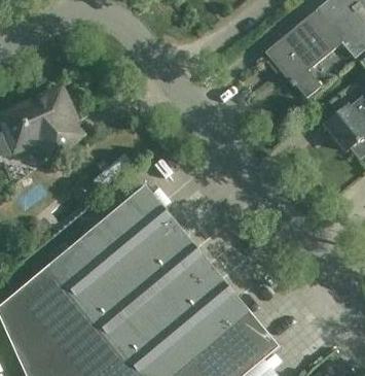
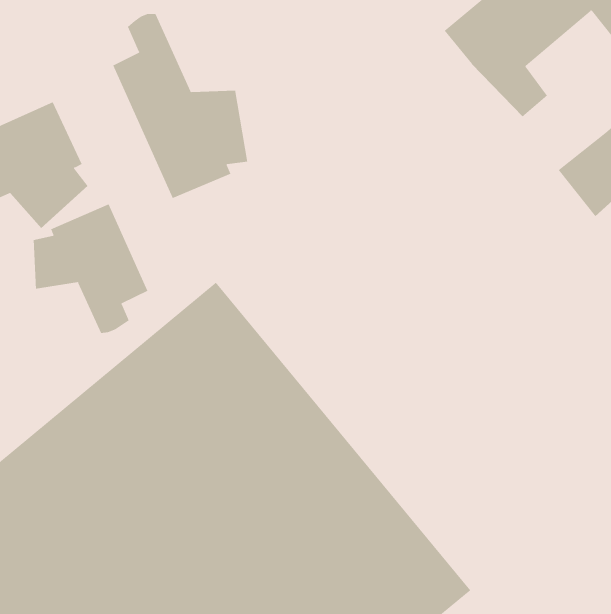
building: none -> [113,13,248,199]
building: none -> [33,204,148,334]

